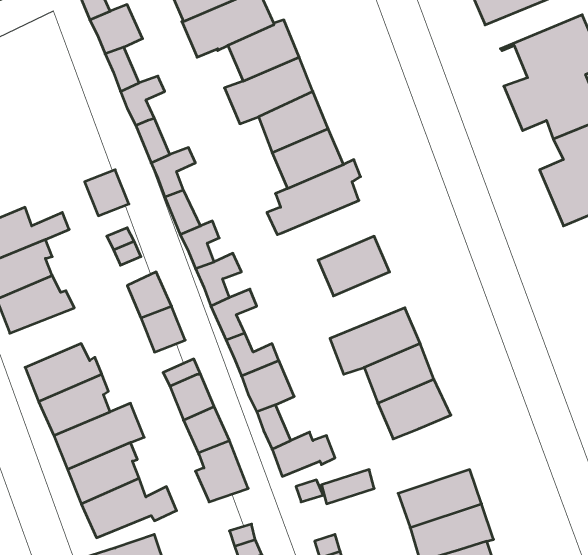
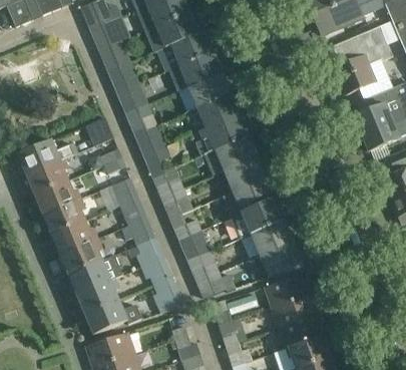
building: none -> [202,135,257,175]
building: none -> [222,177,275,217]
building: none -> [42,199,84,234]
building: none -> [264,273,313,308]

